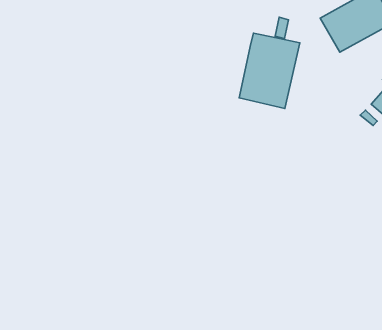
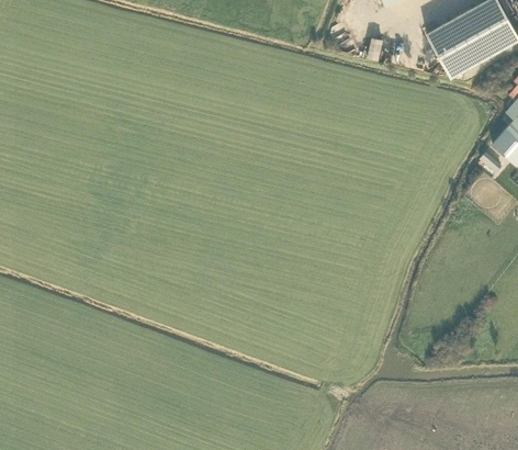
building: [239,33,300,109] -> none

